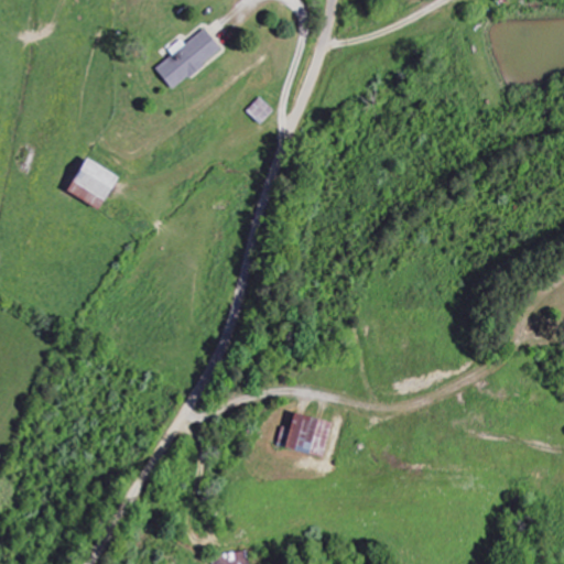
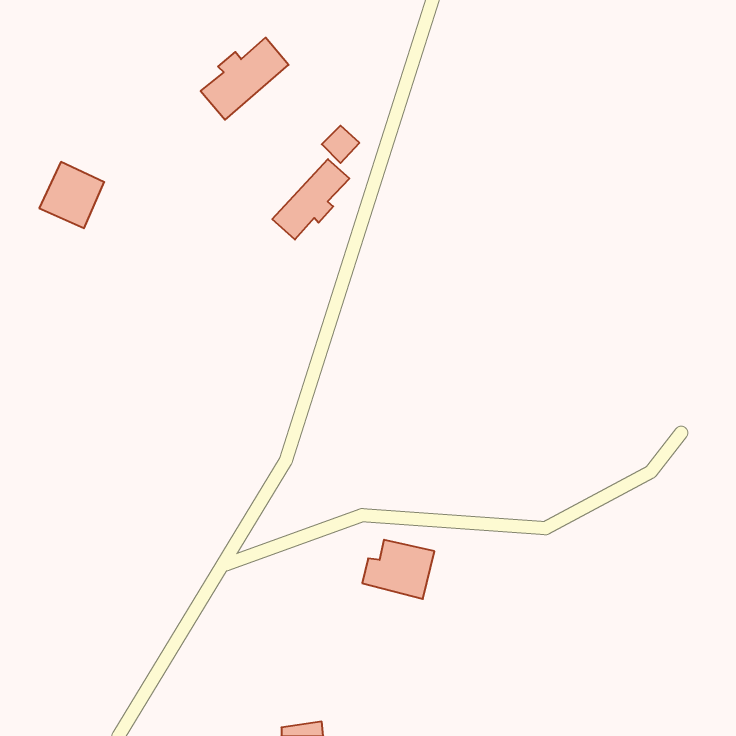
building: none -> [272,159,349,240]
building: [67,158,117,208] -> [39,162,104,228]

